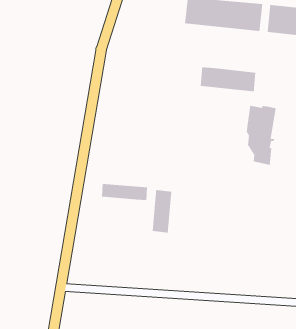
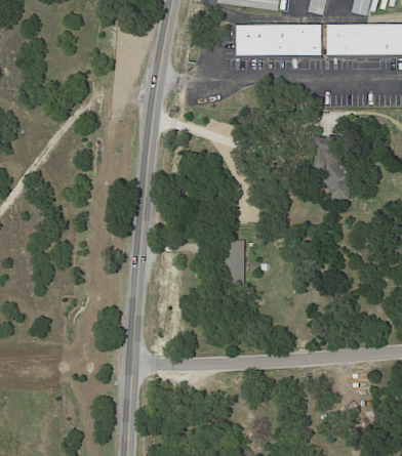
building: [200,66,256,92] -> none
building: [101,183,148,201] -> none

